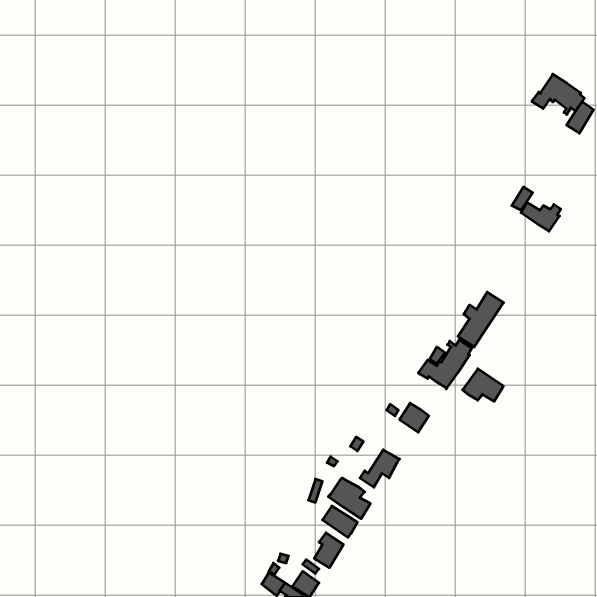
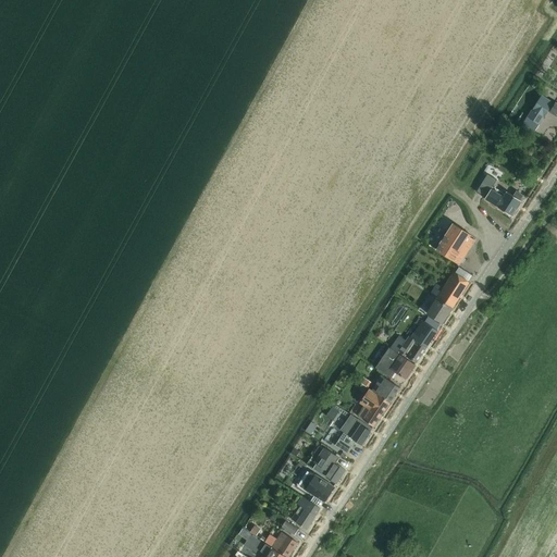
building: [532,74,584,115] -> none
building: none -> [437,224,474,264]
building: [462,369,503,401] -> [376,348,414,379]
building: none -> [359,389,389,426]

